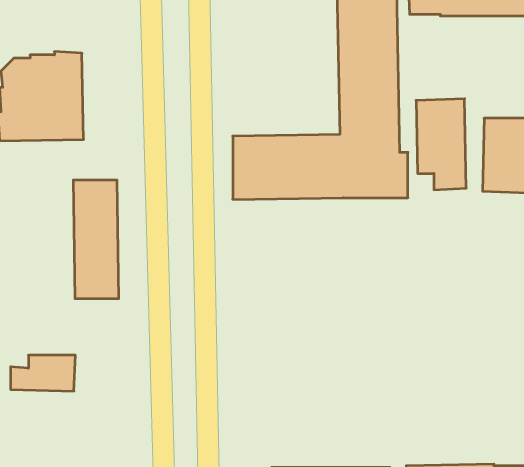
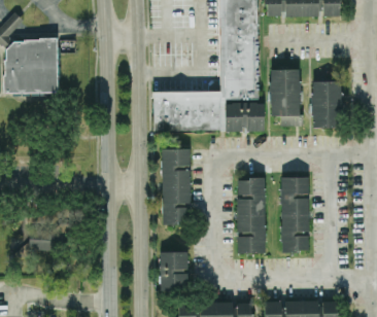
building: [73,180,119,299] -> [162,149,191,224]
building: none -> [237,177,266,253]
building: none -> [281,177,310,252]
building: none -> [160,251,187,290]

